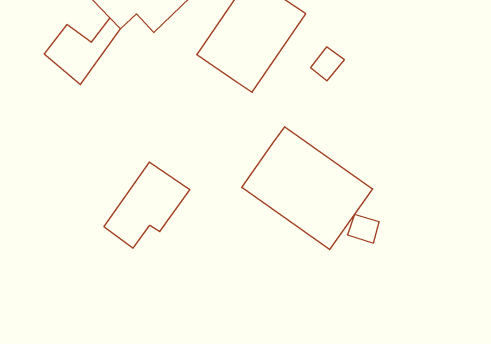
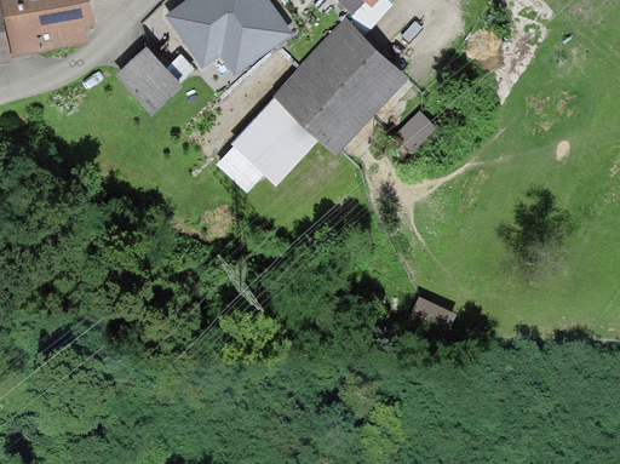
building: [242,127,373,250] -> none
building: [104,162,190,248] -> [219,101,317,190]

